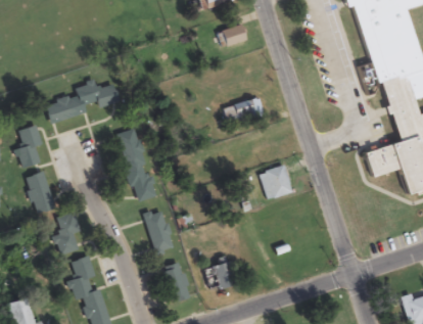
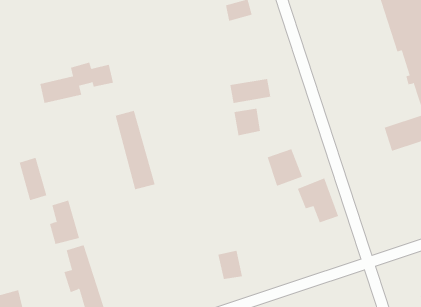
building: [16,126,40,169] -> none
building: none -> [234,108,261,136]
building: none -> [297,178,339,223]
building: [144,211,172,252] -> none
building: [159,262,191,302] -> none

